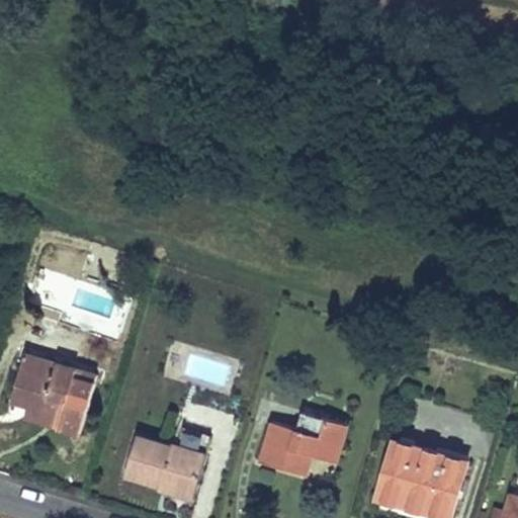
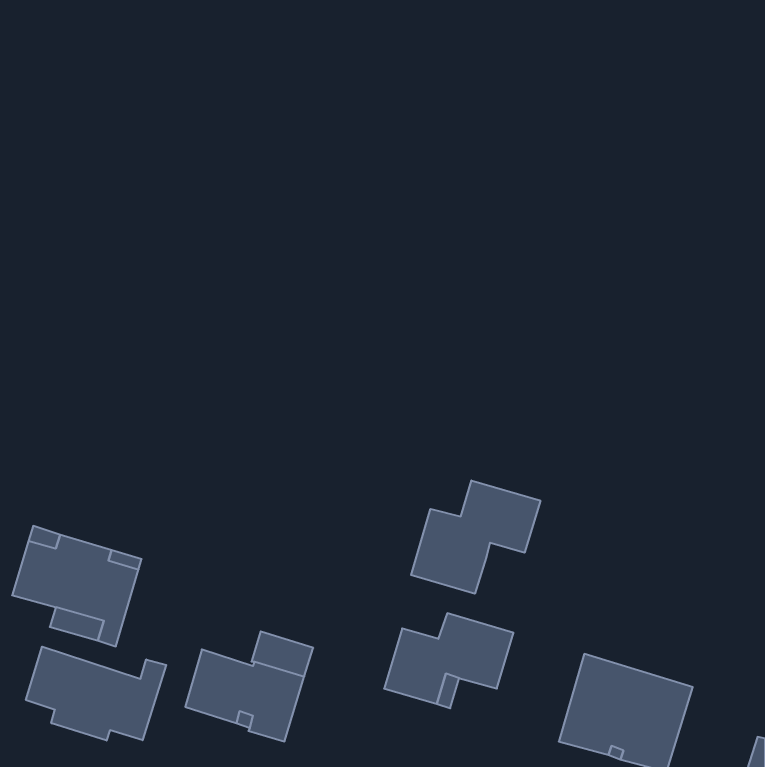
building: none -> [411,480,540,594]
building: none -> [26,647,166,741]

